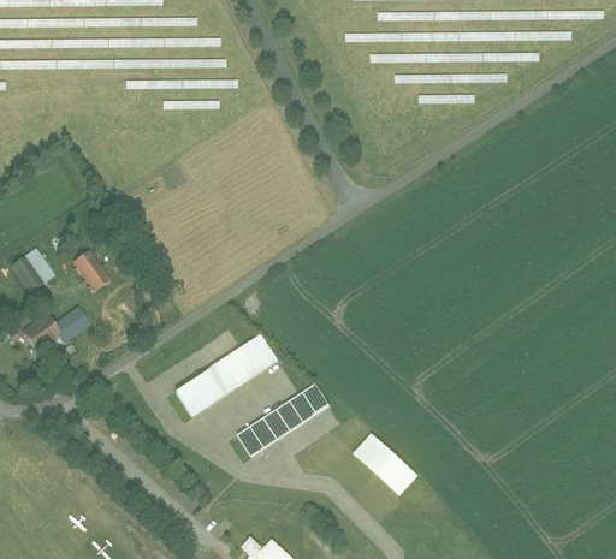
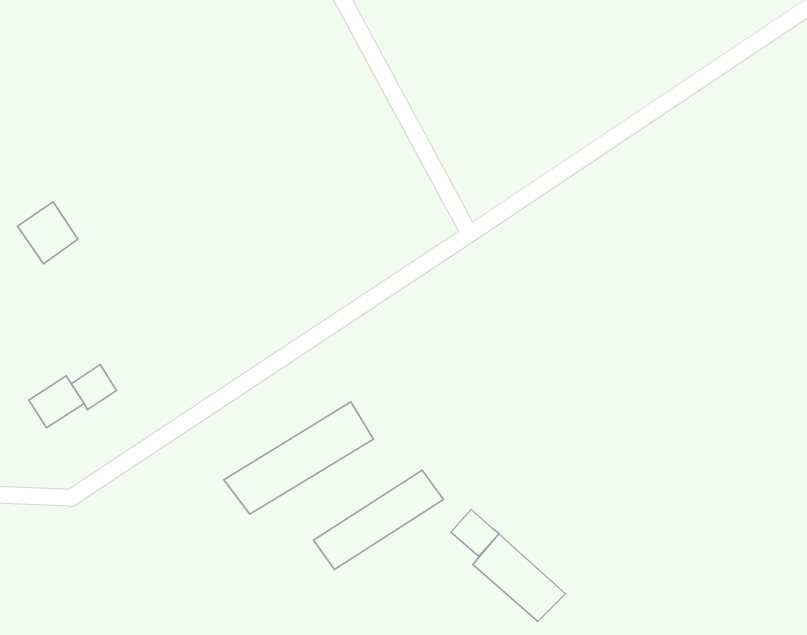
building: [10,246,54,292] -> [18,202,78,264]
building: [71,249,112,293] -> none
building: none -> [451,509,499,556]

